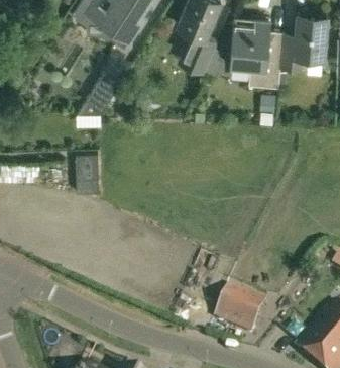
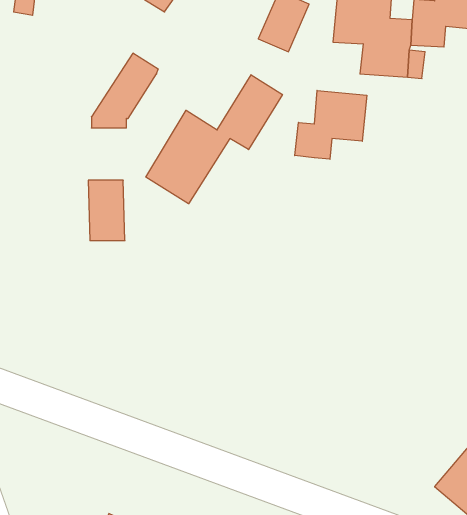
building: none -> [146,75,282,204]
building: none -> [295,90,367,159]
building: [215,286,263,331] -> none

